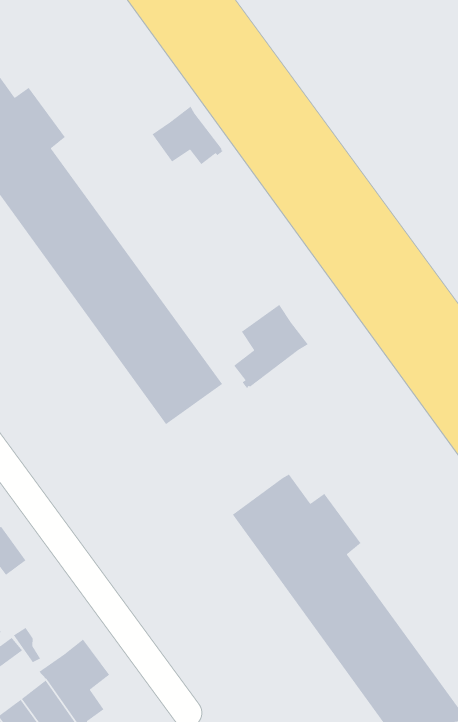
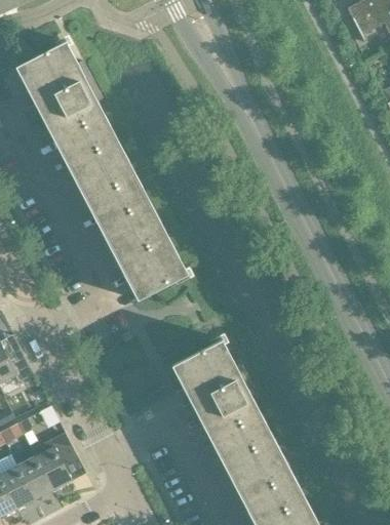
building: [152,106,224,165] -> none
building: [233,304,309,390] -> none

